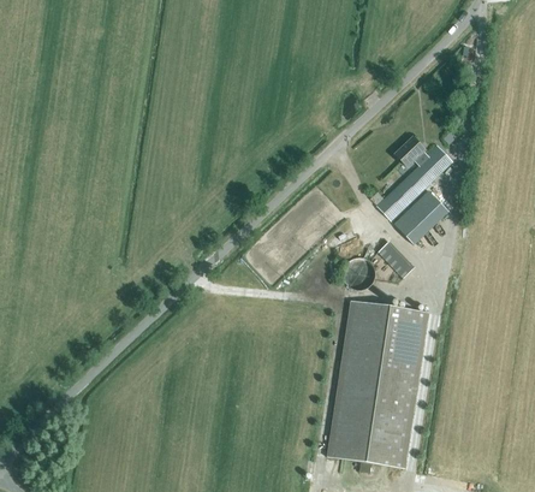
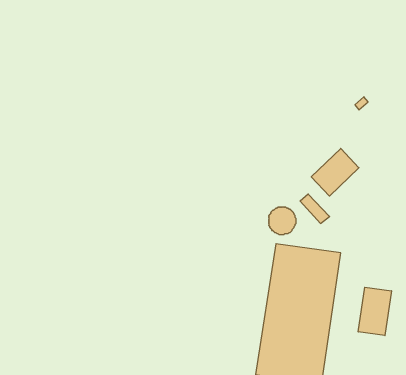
building: [376,135,451,220] -> none
building: none -> [358,287,391,336]

